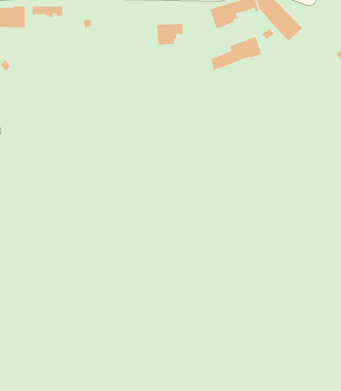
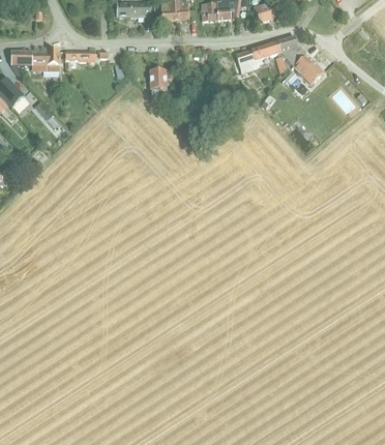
building: [156,23,183,45] -> [149,68,175,89]
building: [211,36,262,70] -> none

